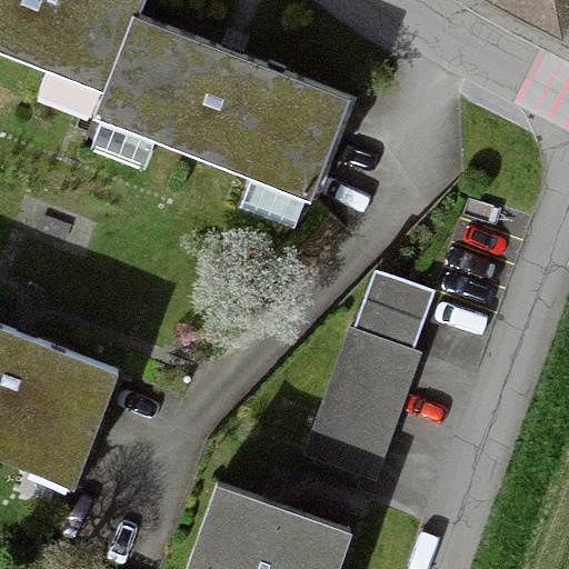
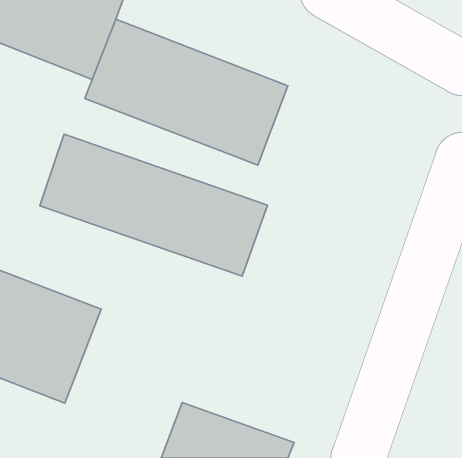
building: none -> [40,134,267,276]
building: [302,263,438,475] -> none

